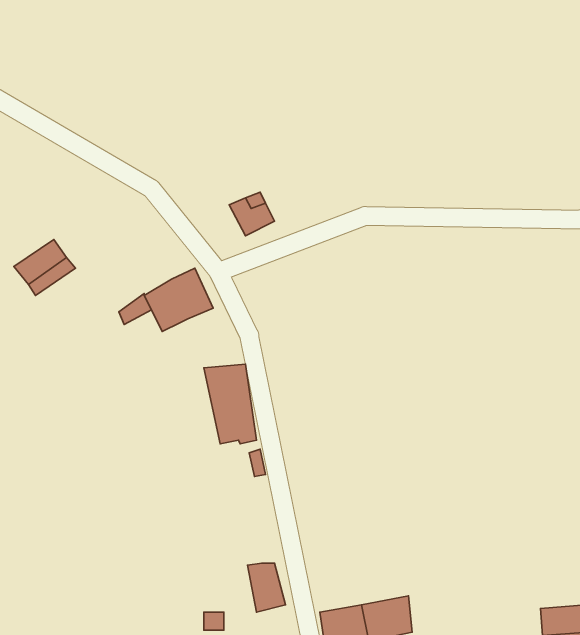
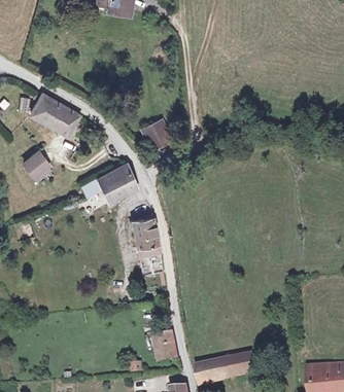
building: none -> [31,96,79,135]

